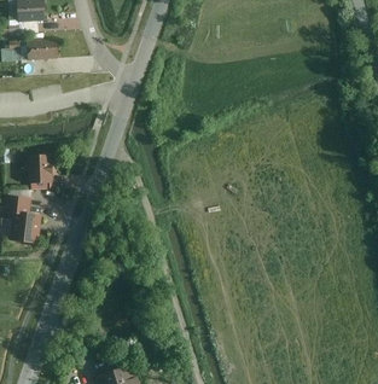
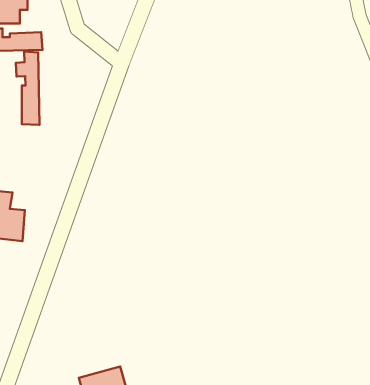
building: none -> [16,52,40,125]
building: [27,153,52,188] -> none

